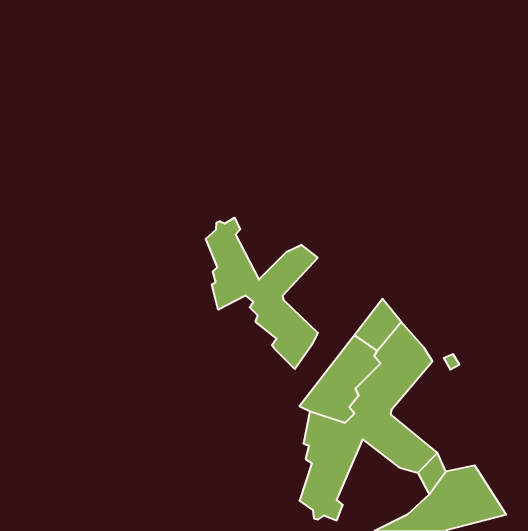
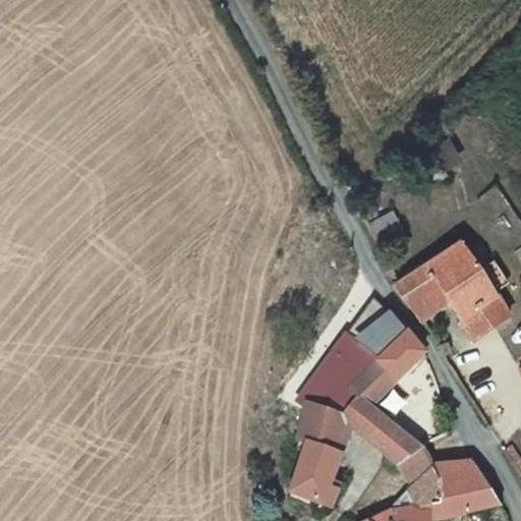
building: [206,218,318,369] -> none
building: none -> [398,247,508,340]

